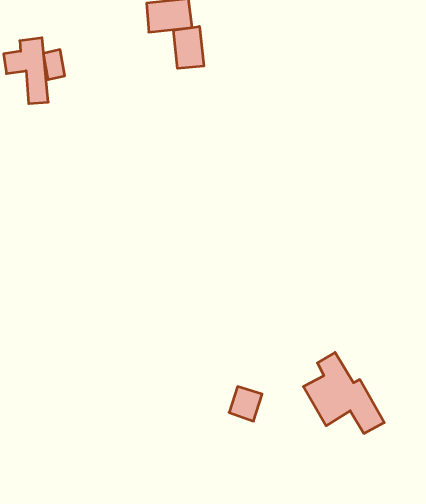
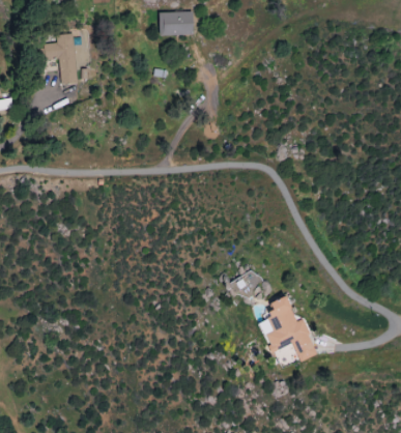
building: [173,26,204,68] -> none
building: [229,387,262,421] -> [235,270,262,298]

